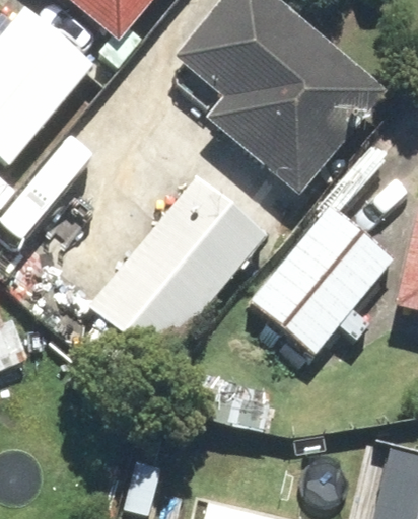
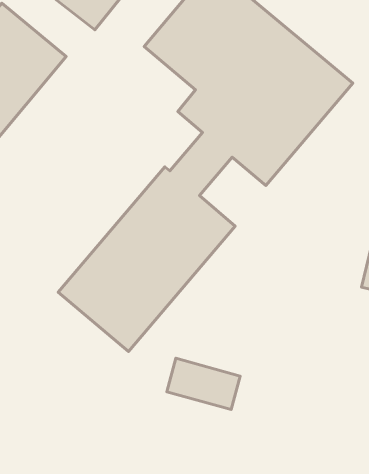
building: [252,202,396,350] -> none

